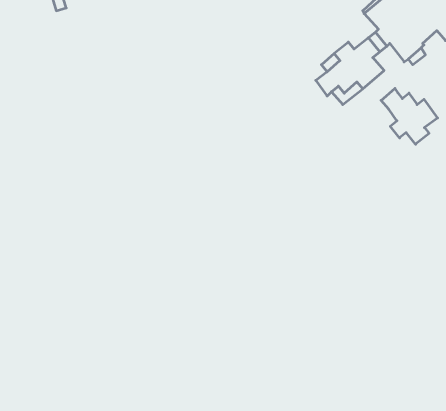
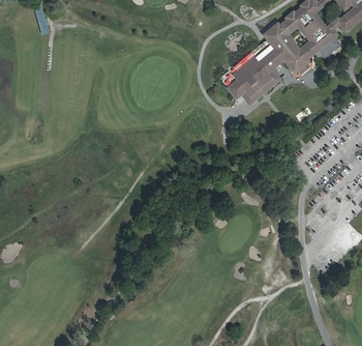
building: [381,88,438,144] -> none

